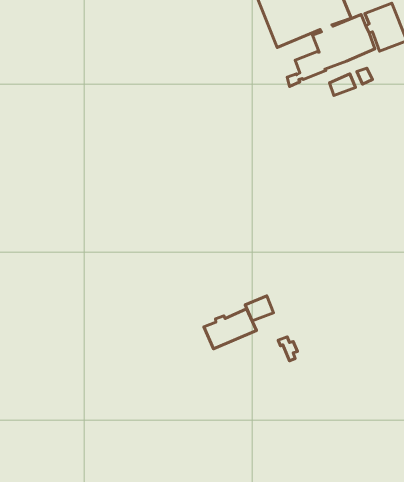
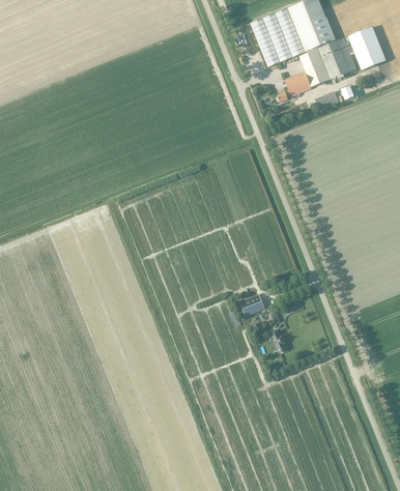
building: [204,309,256,349] -> none

